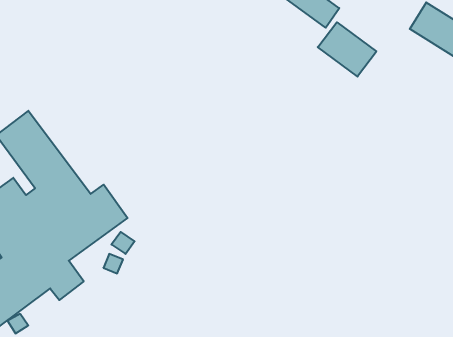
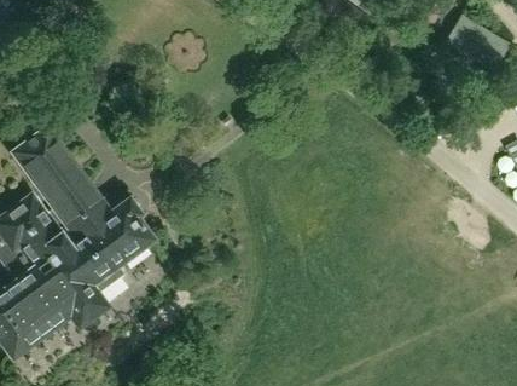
building: [318,22,376,77] -> none

